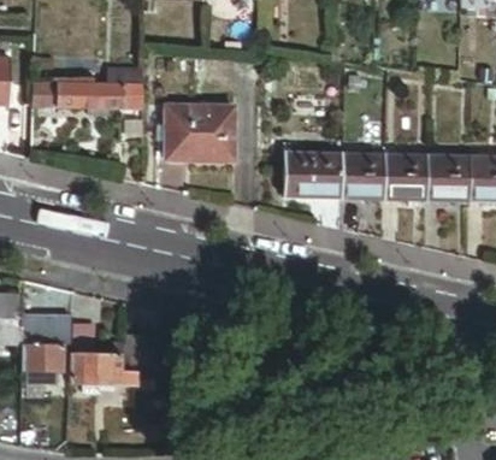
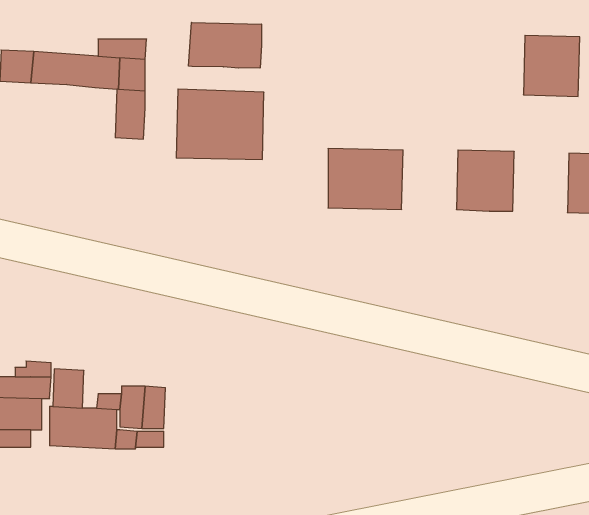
building: none -> [189,22,262,68]
building: [339,153,383,199] -> none
building: [425,154,468,201] -> [523,35,580,96]

